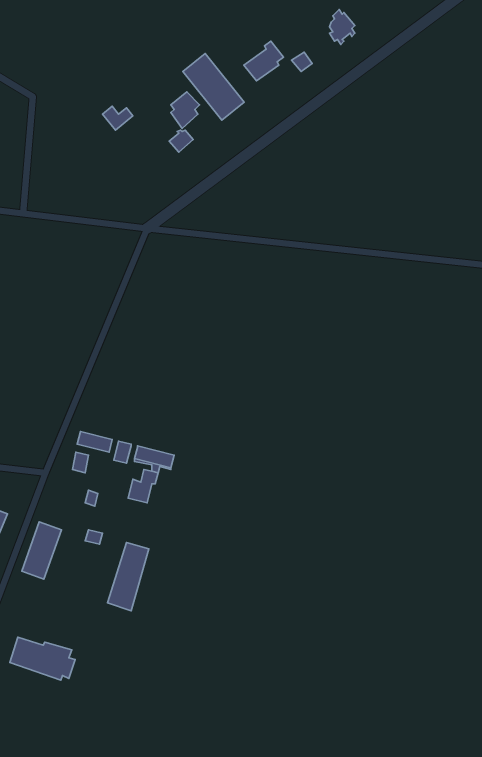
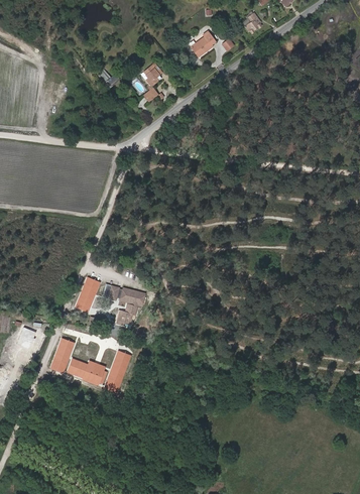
building: [183,54,244,120] -> none
building: [10,637,75,680] -> [66,358,107,385]

